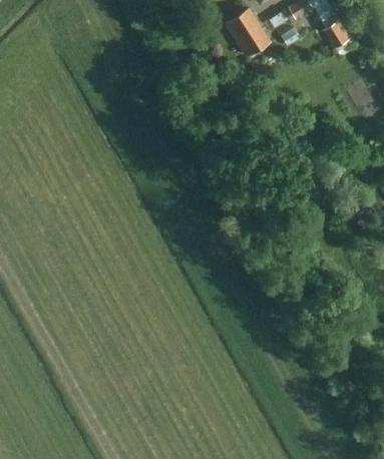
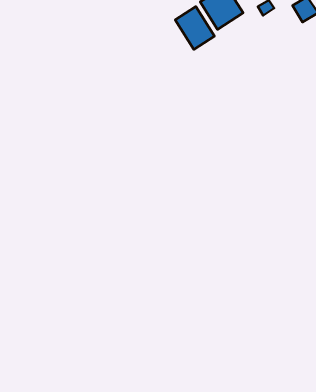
building: none -> [175,7,215,49]

